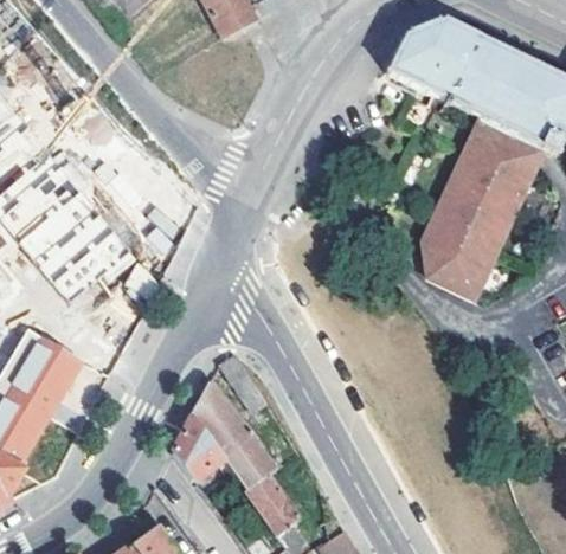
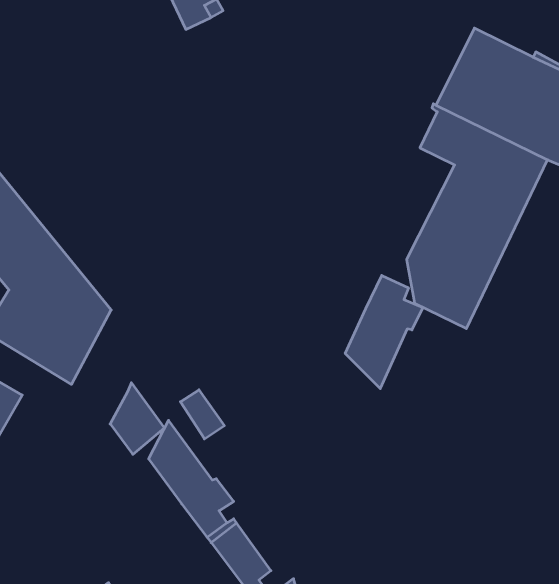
building: [387,19,482,102] -> none
building: none -> [345,275,423,389]
building: [173,417,221,481] -> [110,383,165,454]

